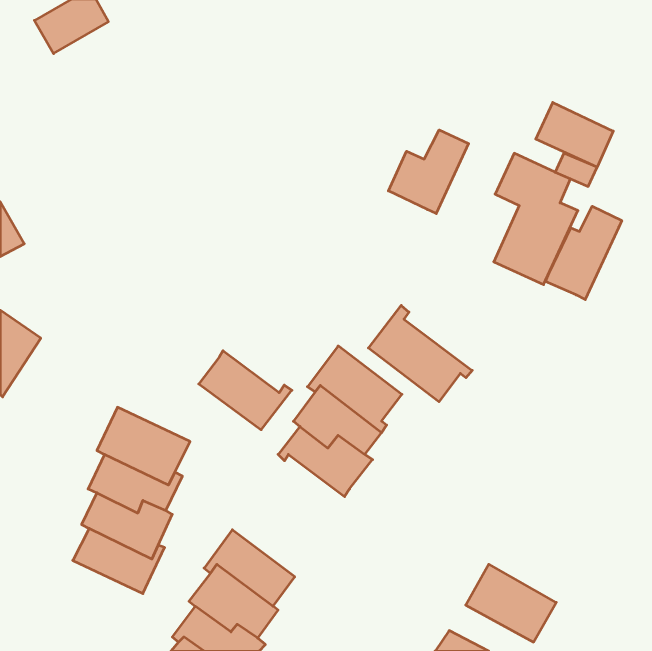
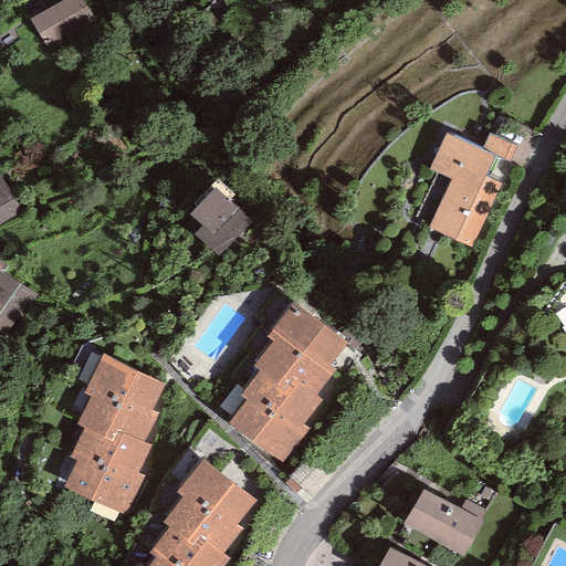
building: [536,102,613,167] -> none
building: [388,130,469,214] -> none
building: [545,206,622,300] -> none
building: none -> [189,187,249,255]
building: [368,305,472,402] -> none
building: [199,351,292,430] -> [229,394,310,462]

